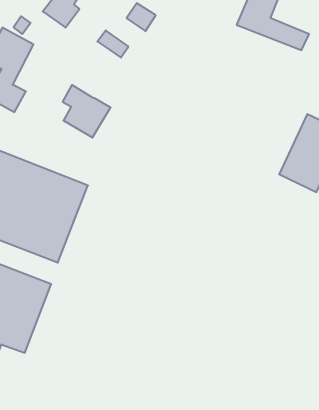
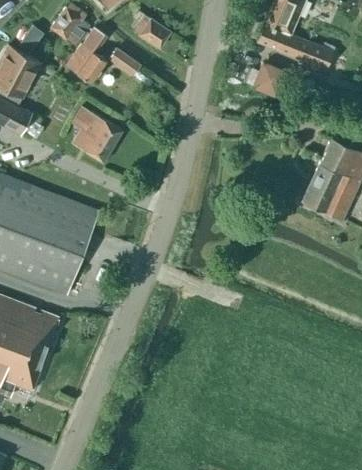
building: none -> [66,27,108,84]
building: none -> [251,61,288,97]

